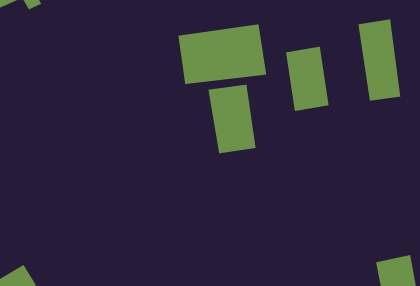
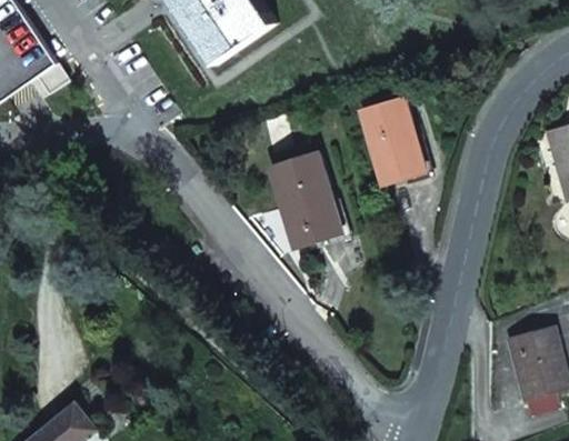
building: [358,18,401,101] -> none
building: [178,24,267,85] -> none

